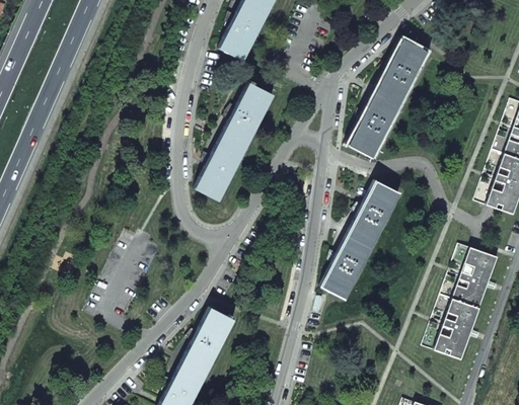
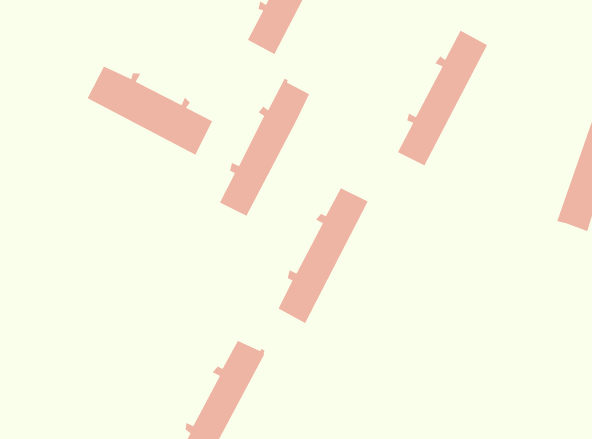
building: none -> [86,66,213,156]
building: [320,181,399,300] -> [277,187,369,324]
building: [434,248,498,359] -> none

